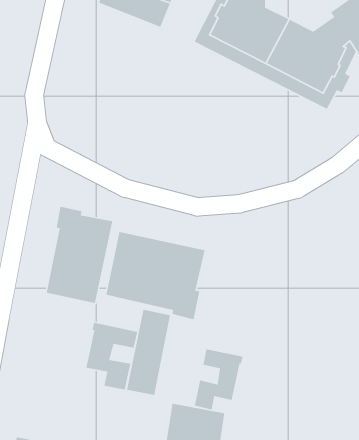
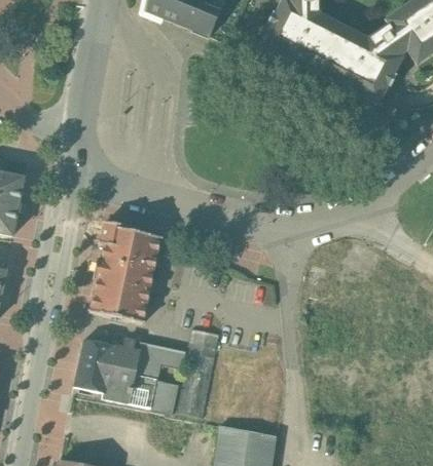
building: [105,231,206,320] -> none
building: none -> [74,338,153,407]
building: [194,349,243,410] -> none

